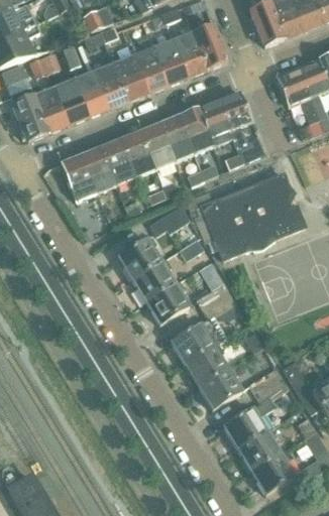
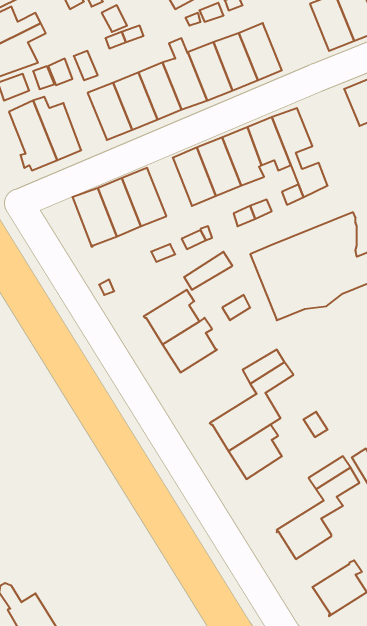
building: [53,79,88,124] -> none
building: [120,130,155,176] -> none
building: [146,279,190,324] -> none
building: [199,364,242,409] -> none
building: [238,426,281,471] -> none

